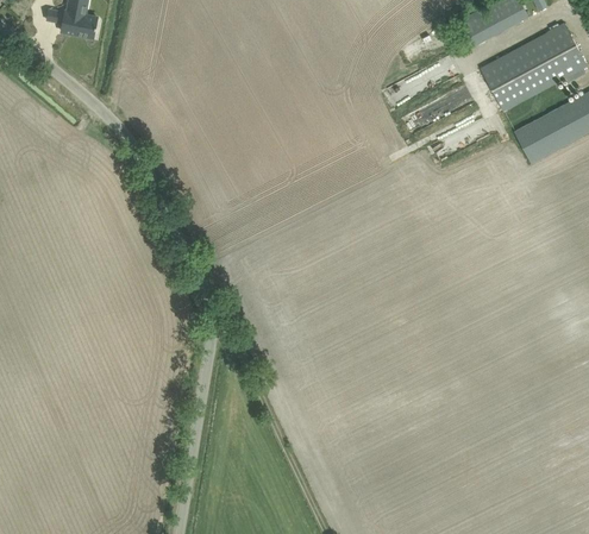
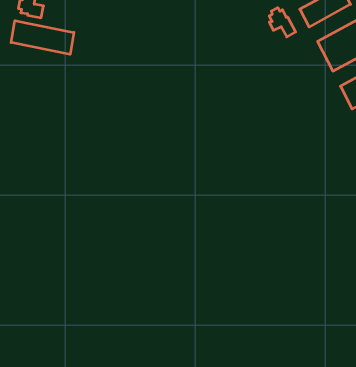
building: none -> [269,8,296,37]
building: none -> [11,21,74,54]

